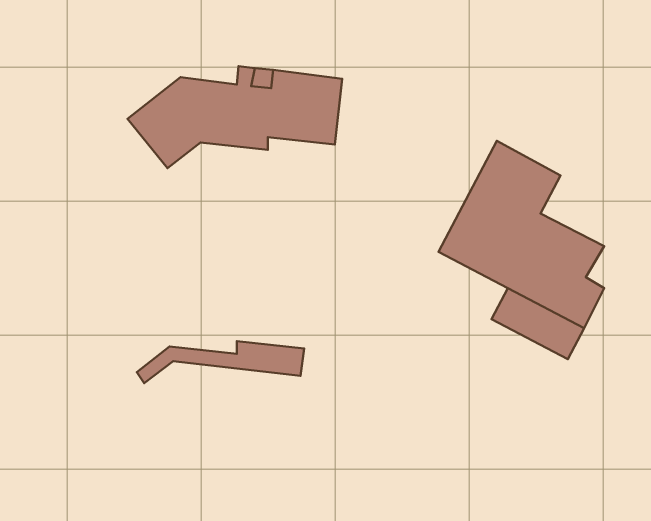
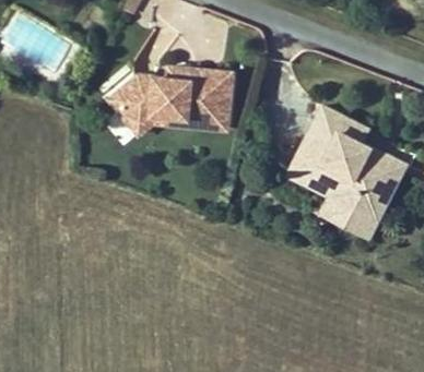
building: none -> [352,130,405,197]
building: [137,341,304,383] -> [128,107,228,132]

